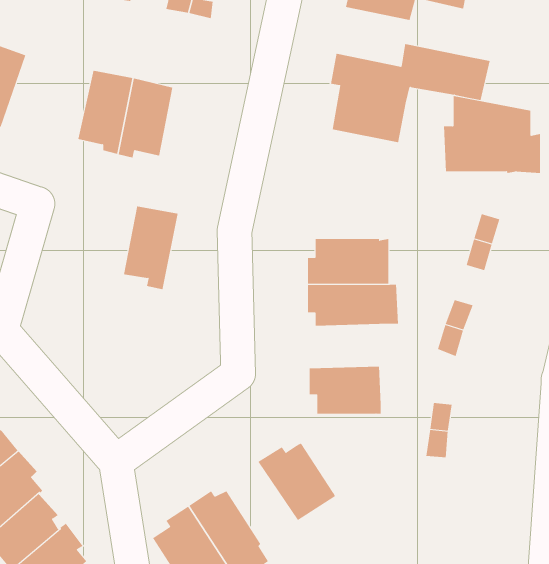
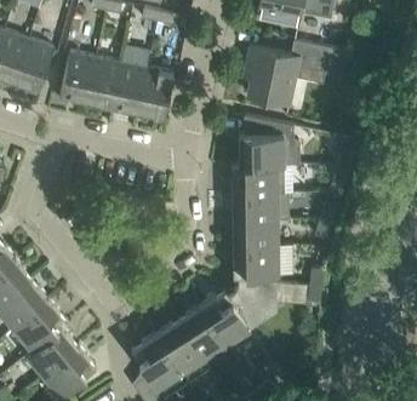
building: none -> [58,51,95,102]
building: [443,95,541,174] -> [236,115,298,165]
building: [123,206,179,290] -> [137,68,172,121]
building: none -> [230,218,276,246]
building: none -> [227,275,275,325]
building: none -> [179,305,224,357]

